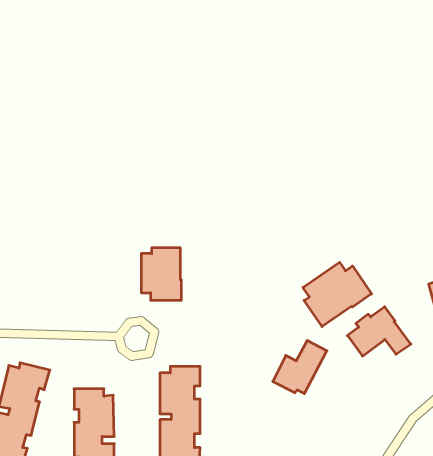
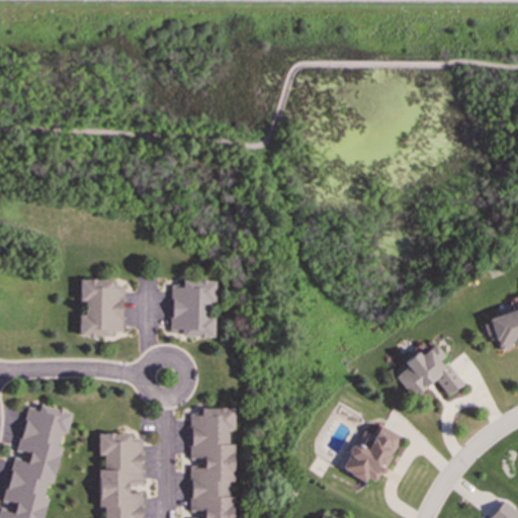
building: none -> [80,279,123,337]
building: [303,262,372,327] -> none
building: [273,340,327,394] -> [343,425,402,483]

